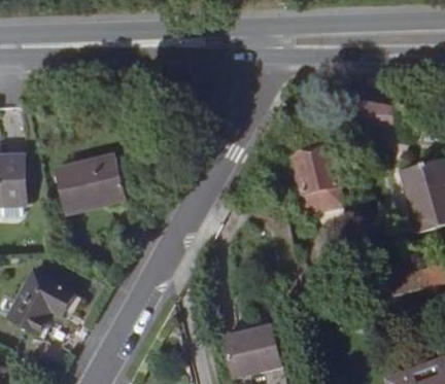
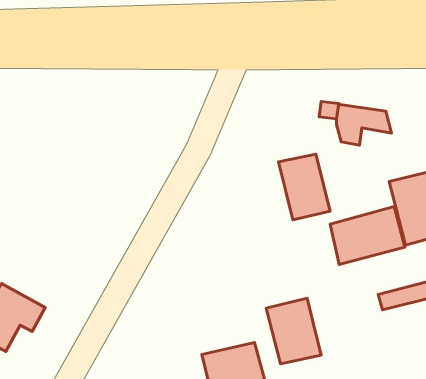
building: [54,153,126,210] -> none
building: none -> [330,207,405,265]
building: none -> [266,298,321,364]

